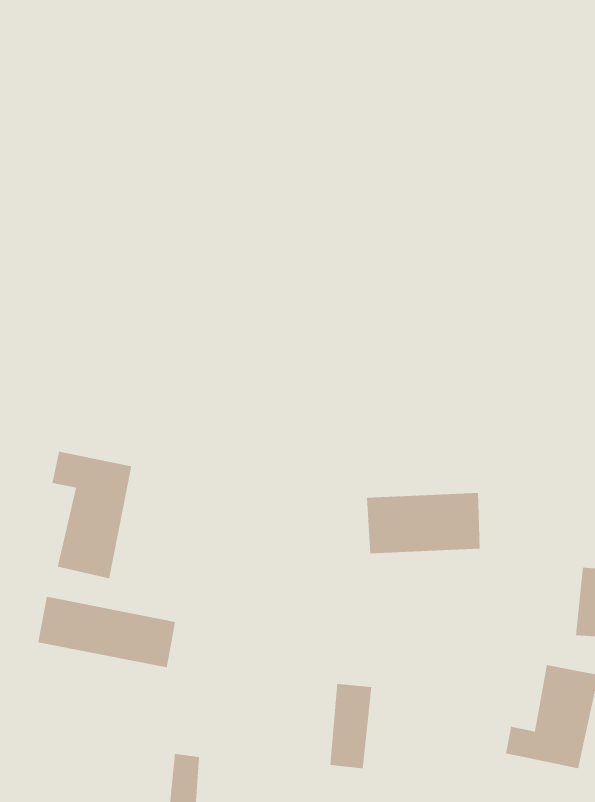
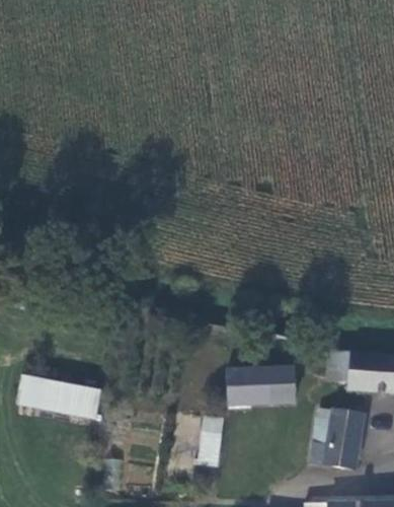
building: [52,451,132,579] -> none
building: [366,492,480,554] -> [224,366,292,403]

